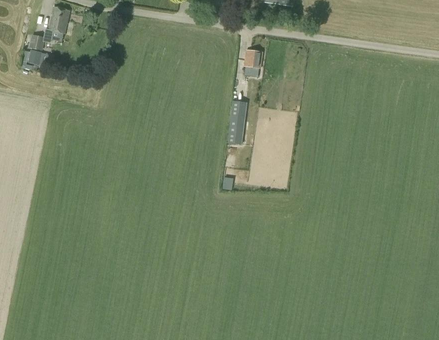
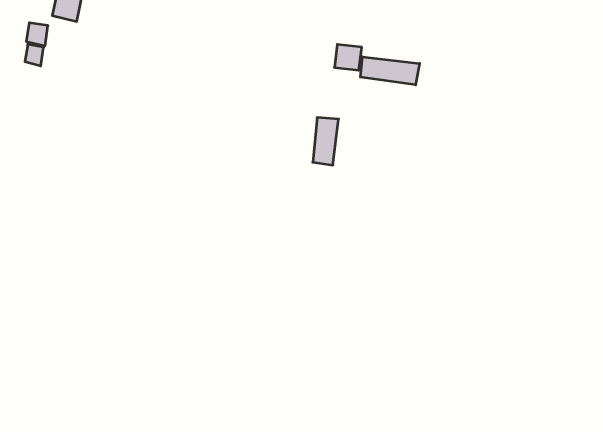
building: none -> [360,57,420,85]

